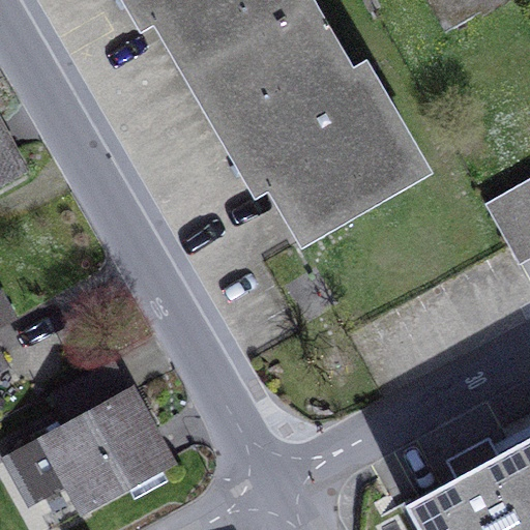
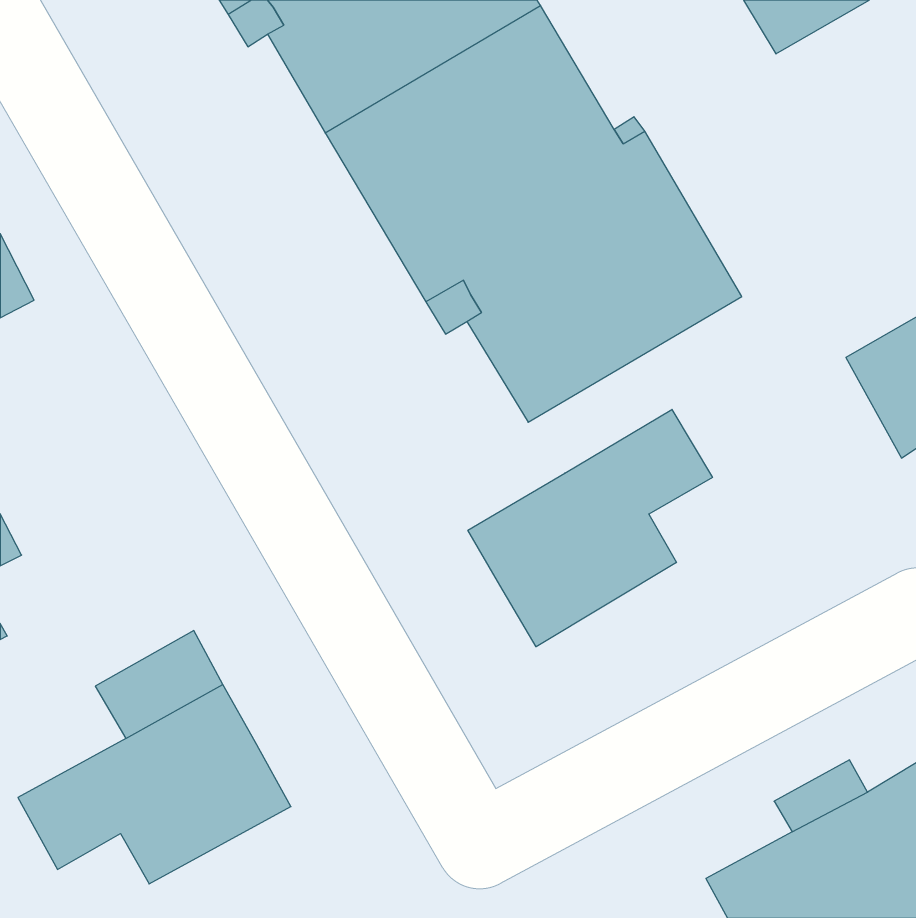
building: none -> [468,409,712,647]

